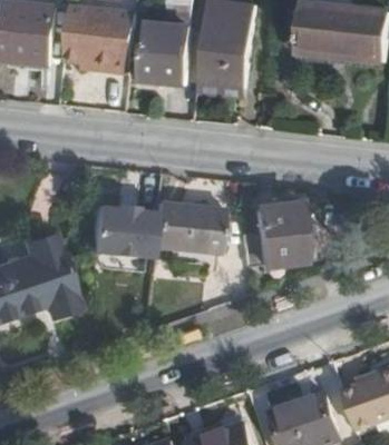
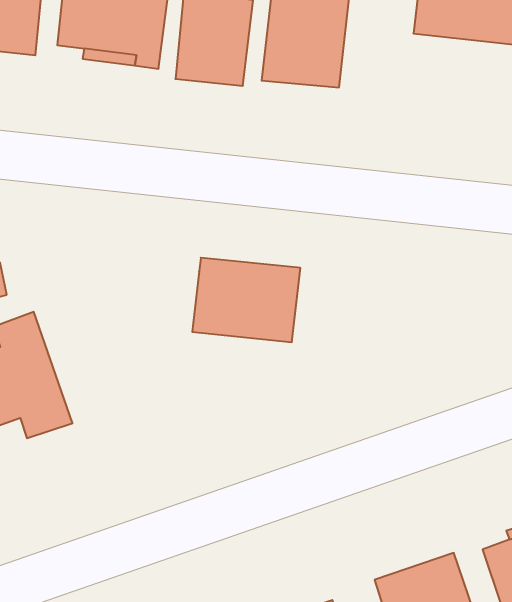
building: [88,201,154,257] -> none
building: [239,205,300,269] -> none

